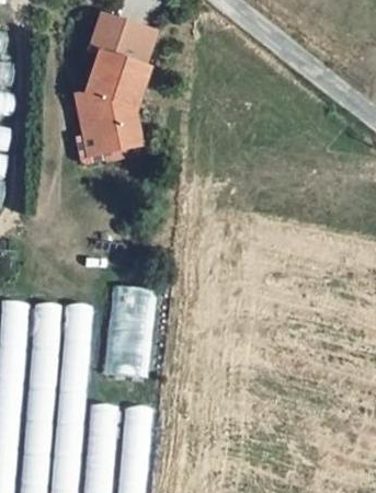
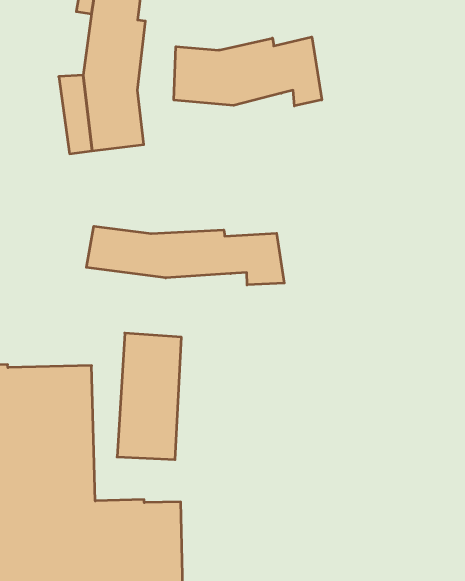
building: none -> [174,37,322,106]
building: none -> [86,226,284,285]

